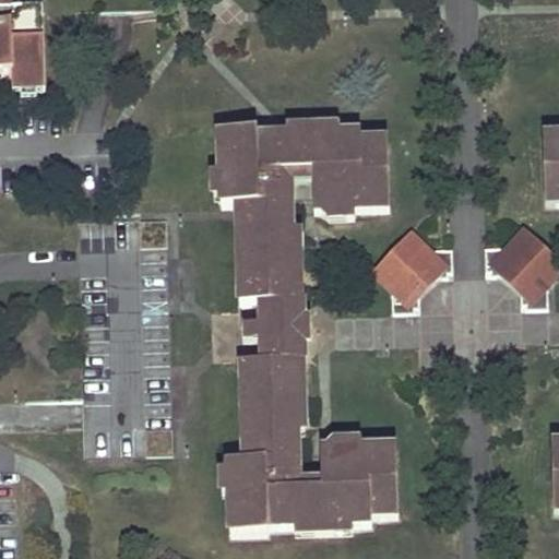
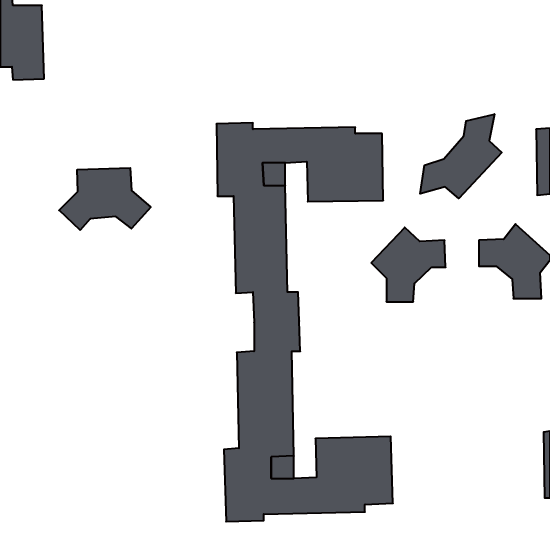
building: none -> [420,114,502,198]
building: none -> [59,168,151,230]

